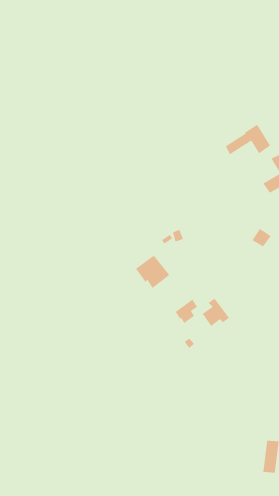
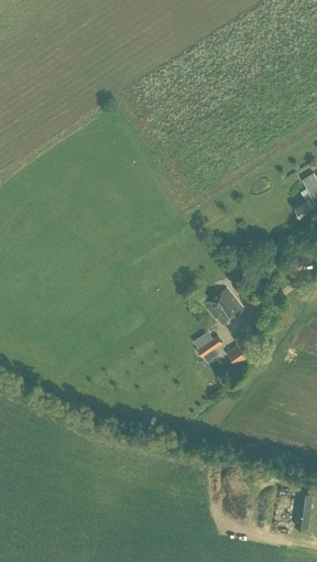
building: [225,124,271,155] -> none
building: [135,255,170,289] -> [204,289,242,326]

